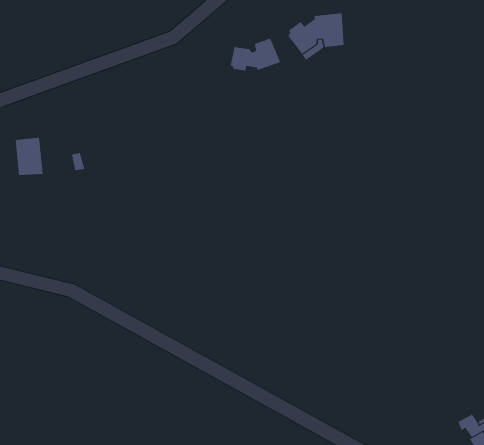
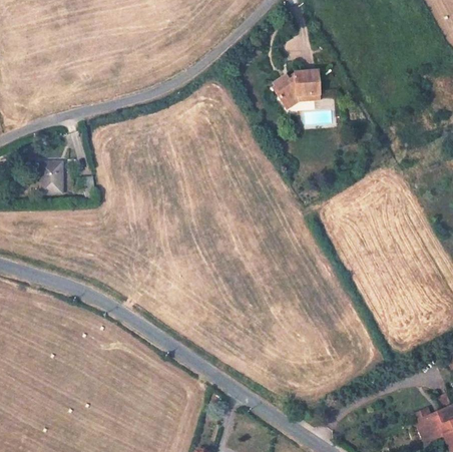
building: [230,38,281,71] -> none

